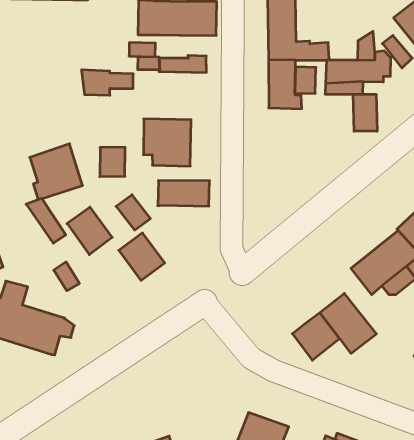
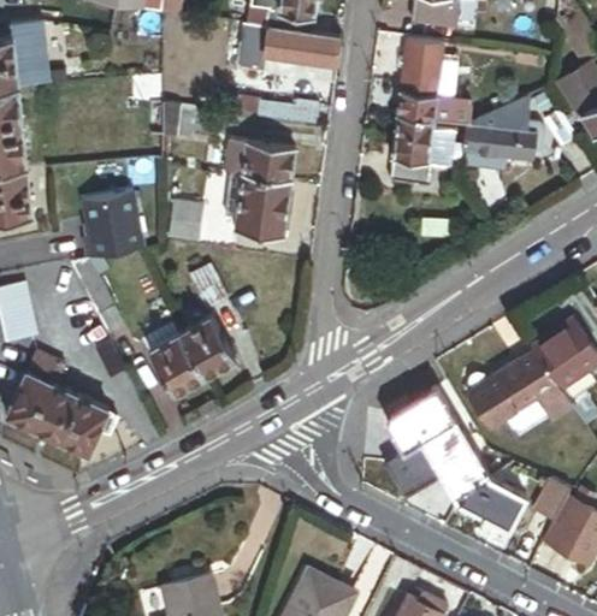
building: [353,94,377,131] -> none
building: [158,181,210,206] -> [226,141,295,180]
building: [67,207,112,255] -> [148,332,202,391]
building: none -> [384,385,454,452]
building: none -> [453,476,522,527]

